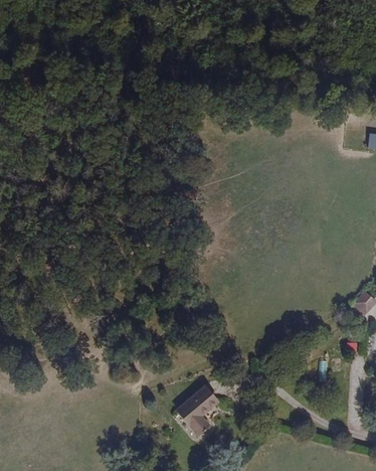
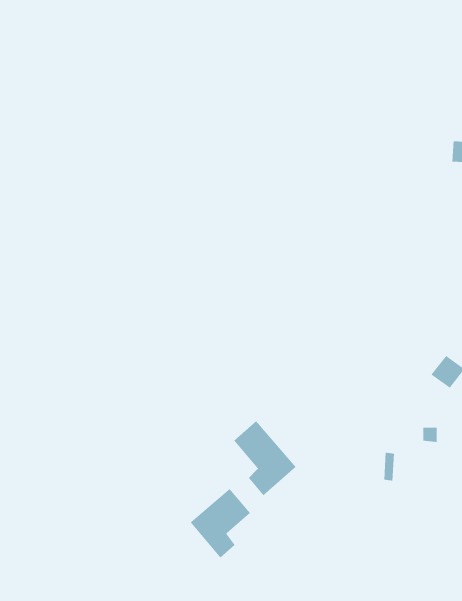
building: none -> [234,420,296,496]

